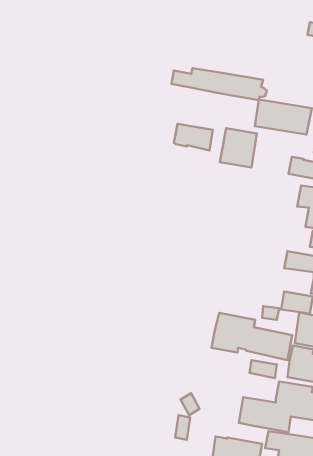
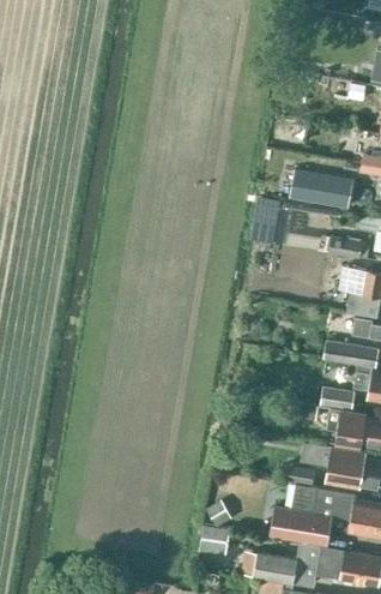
building: [171,68,267,100] -> none
building: [174,124,213,150] -> none
building: [212,313,292,360] -> none

